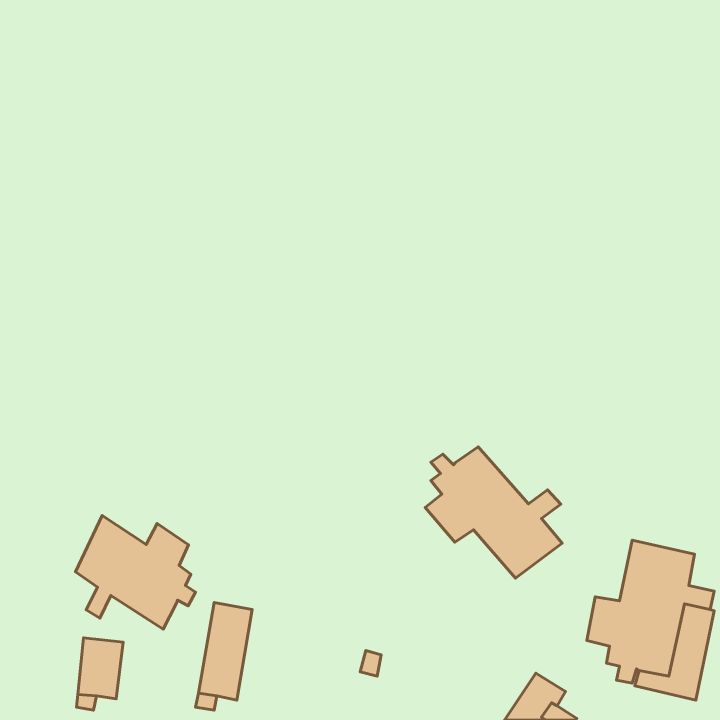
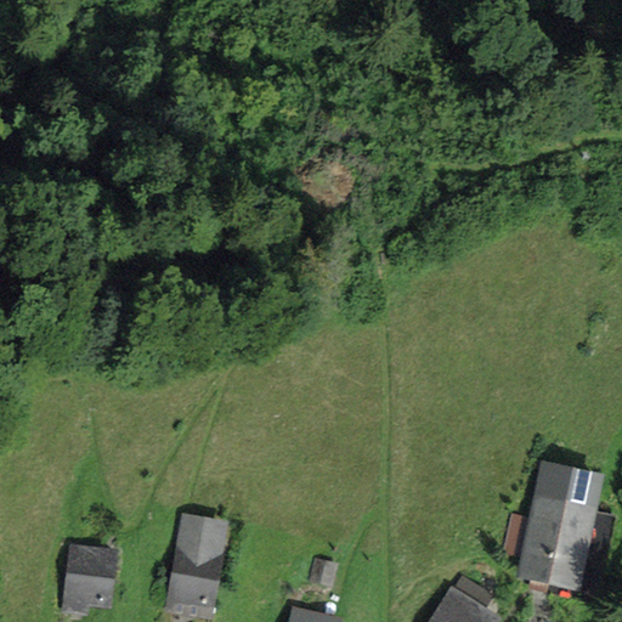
building: [425,447,562,578] -> none
building: [75,516,195,629] -> none

